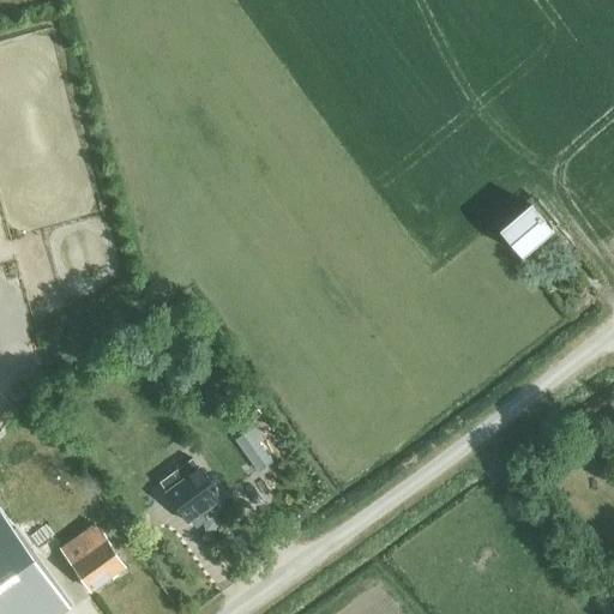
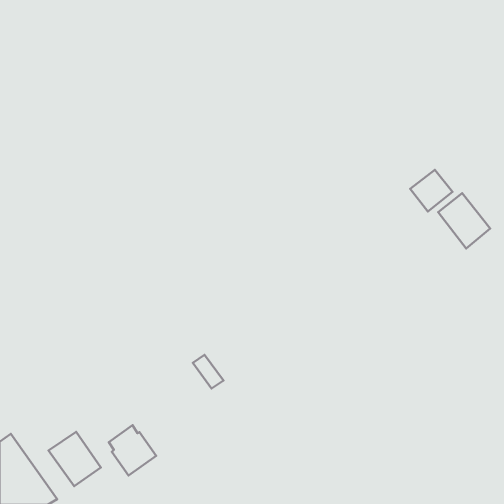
building: none -> [438,193,490,248]
building: [162,460,219,522] -> [109,425,156,476]

